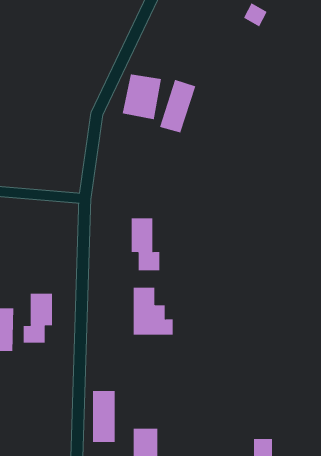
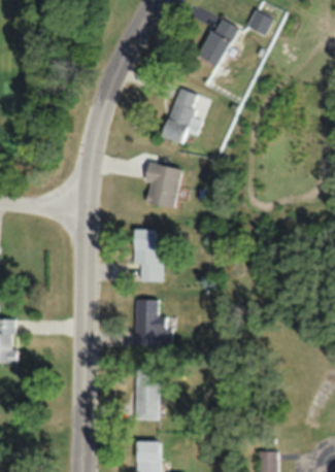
building: none -> [199,19,238,68]
building: [122,74,162,120] -> [142,163,182,209]
building: [23,293,52,344] -> none
building: [92,390,116,443] -> [136,369,160,422]

